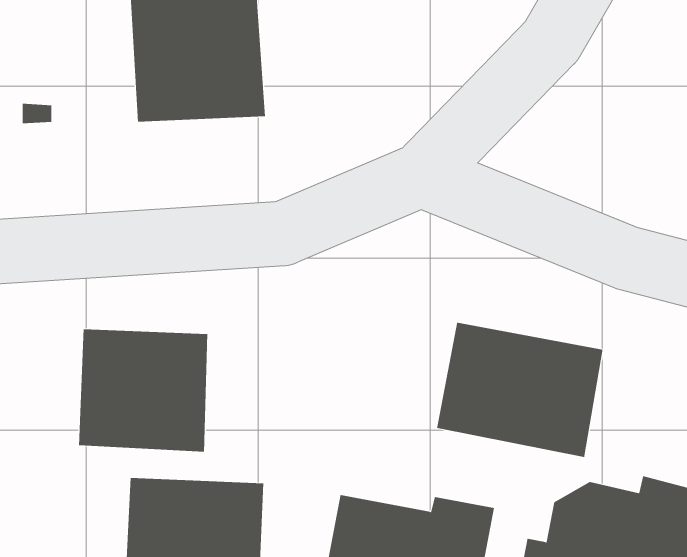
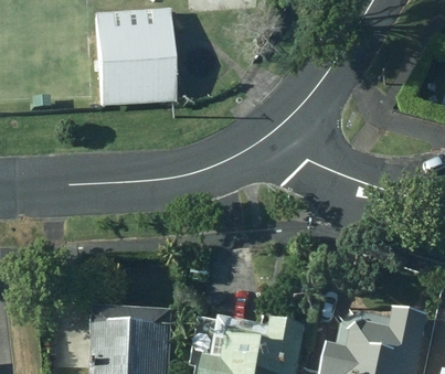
building: [437,322,603,458] -> none
building: [78,328,208,453] -> none

